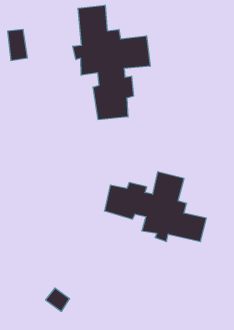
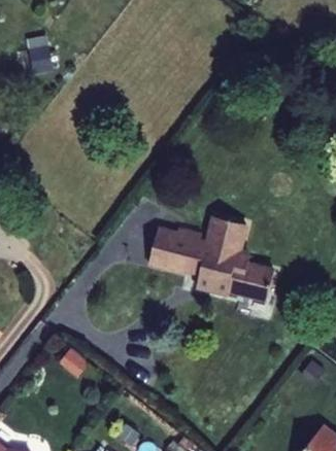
building: [73,5,150,120] -> none

